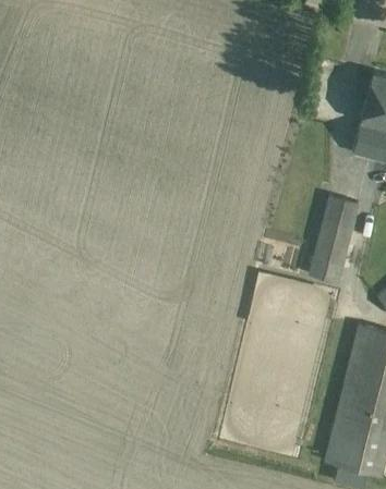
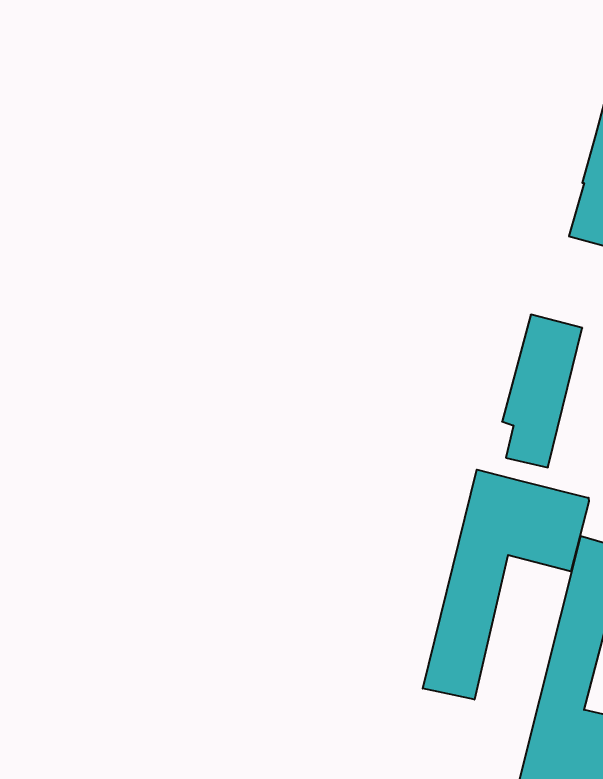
building: none -> [423,470,589,700]

